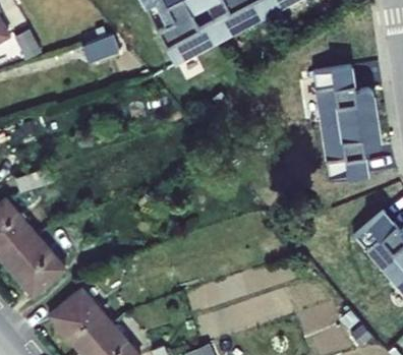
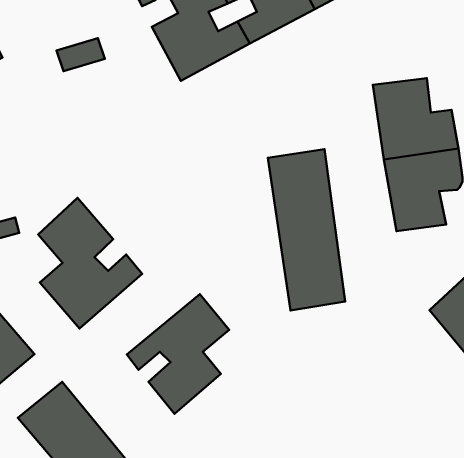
building: none -> [268,149,345,310]
building: none -> [38,198,142,328]
building: none -> [127,294,229,414]

